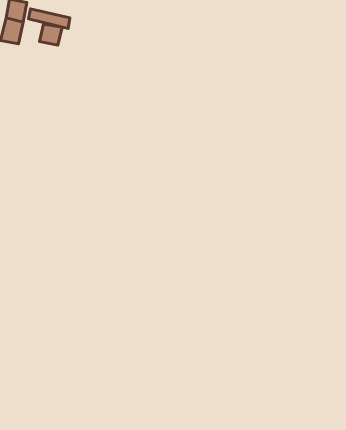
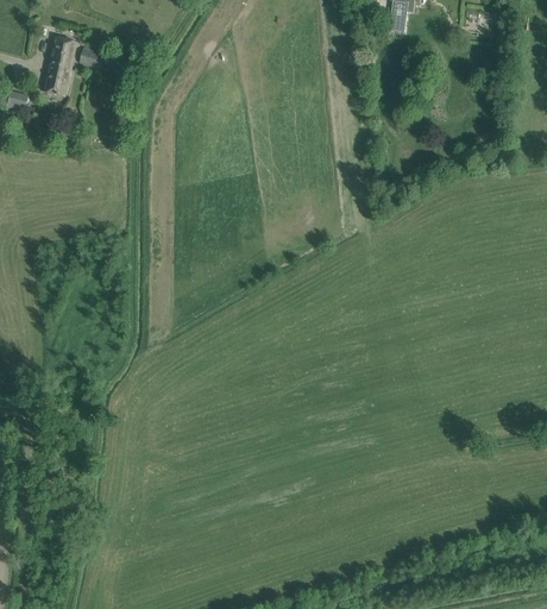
building: [40,24,62,45] -> none

